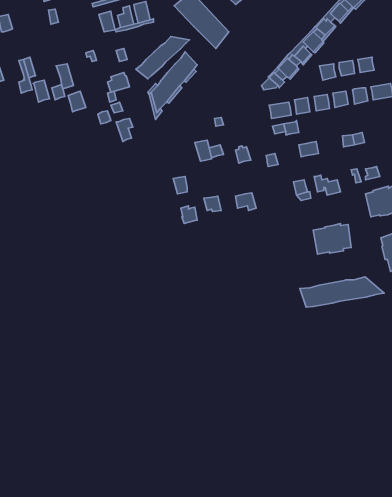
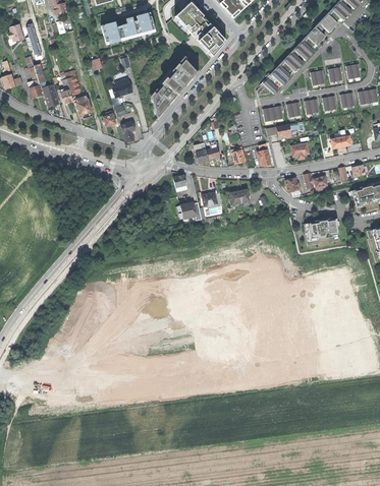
building: [136,36,189,79] -> none
building: [300,277,384,307] -> none

